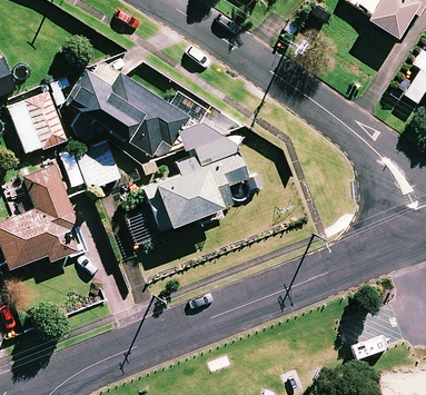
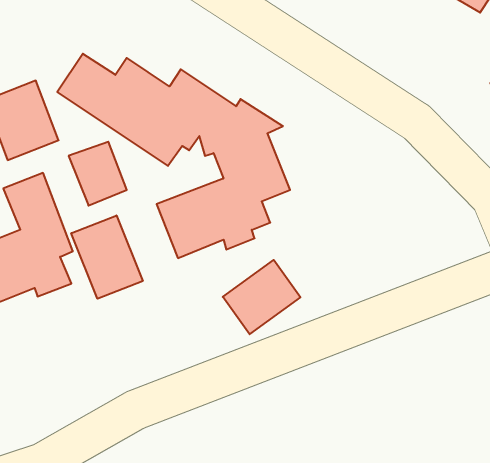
building: none -> [71,215,143,299]
building: none -> [223,260,300,334]

